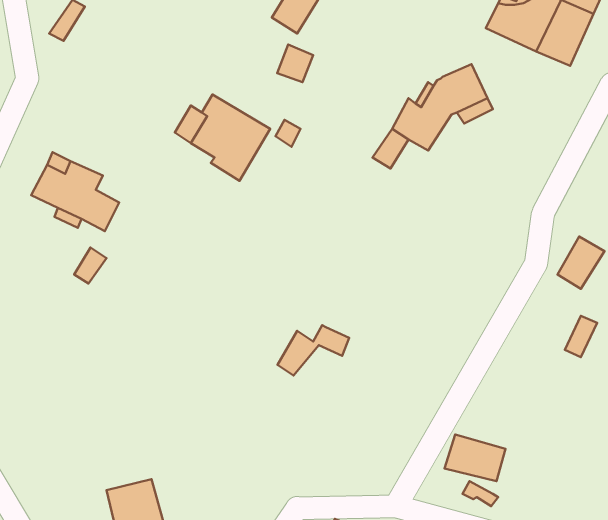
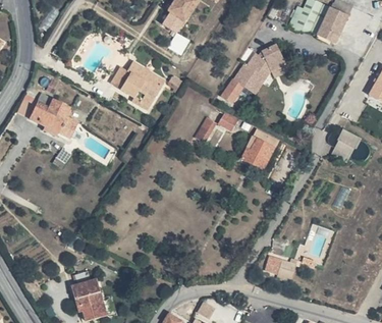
building: none -> [242,131,277,169]
building: [277,325,349,376] -> [197,113,237,142]

